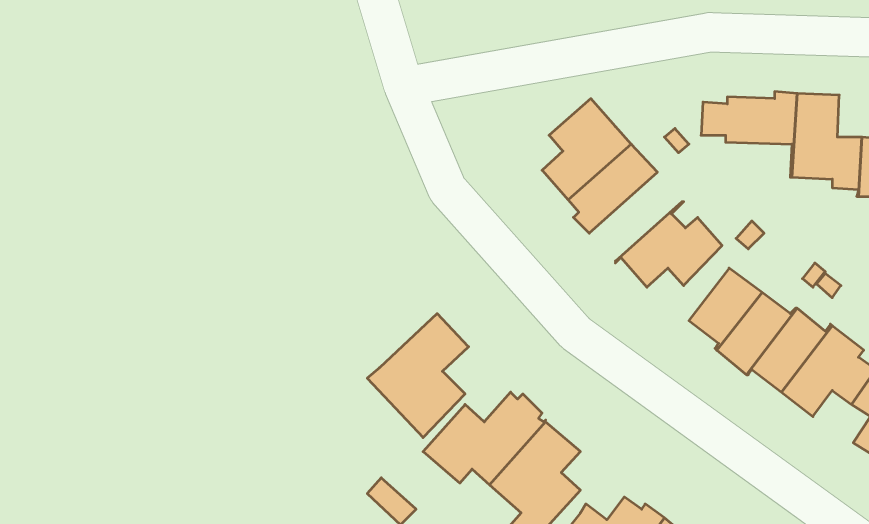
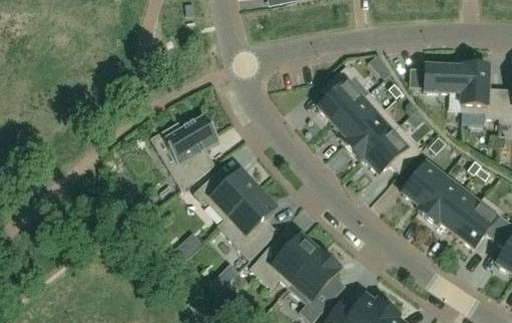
building: none -> [346,107,399,158]
building: none -> [160,113,219,188]
building: none -> [194,170,259,220]

